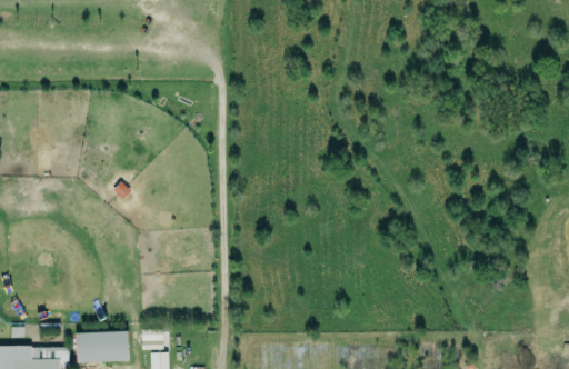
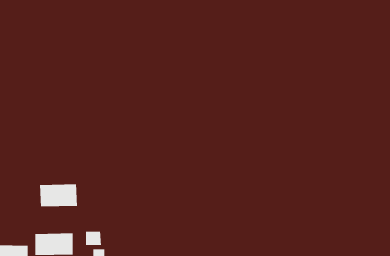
building: none -> [39,184,78,207]

